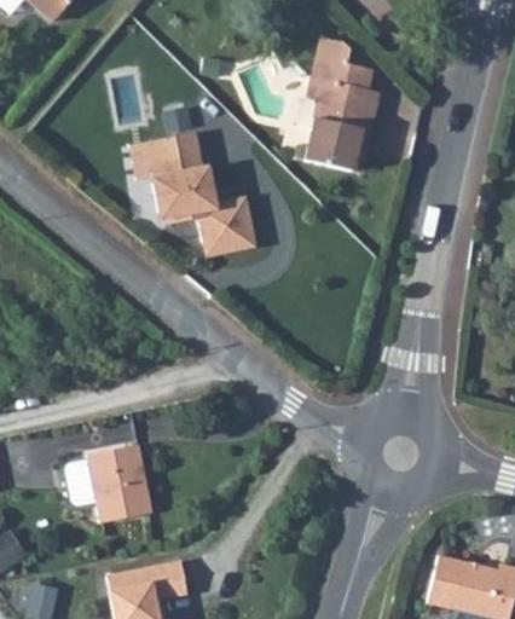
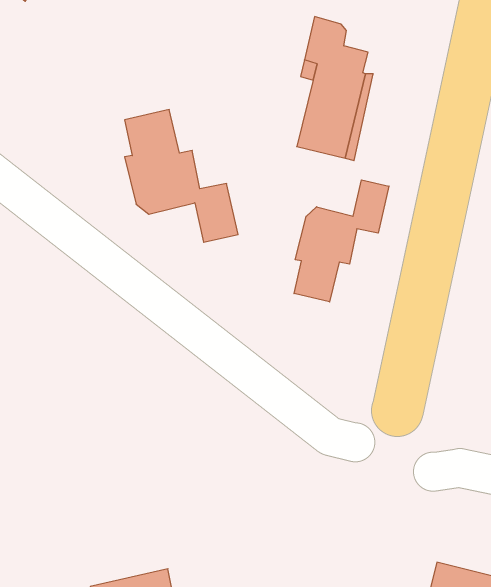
building: none -> [294,180,389,302]
building: [68,446,155,522] -> none

